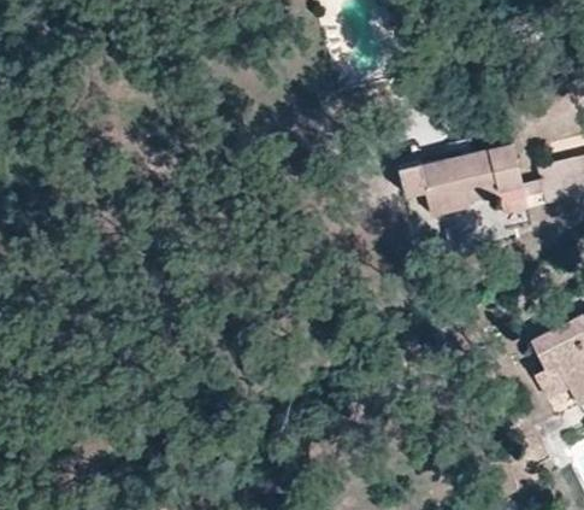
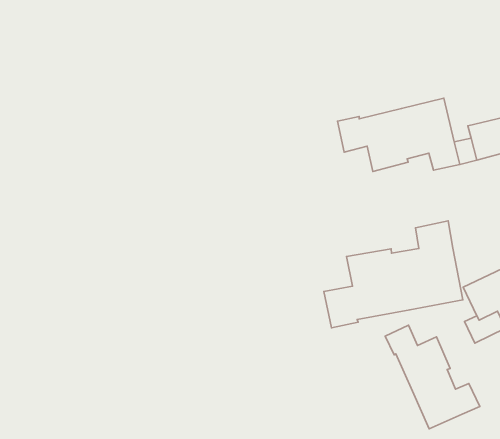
building: none -> [324,221,463,328]
building: none -> [385,325,480,429]

